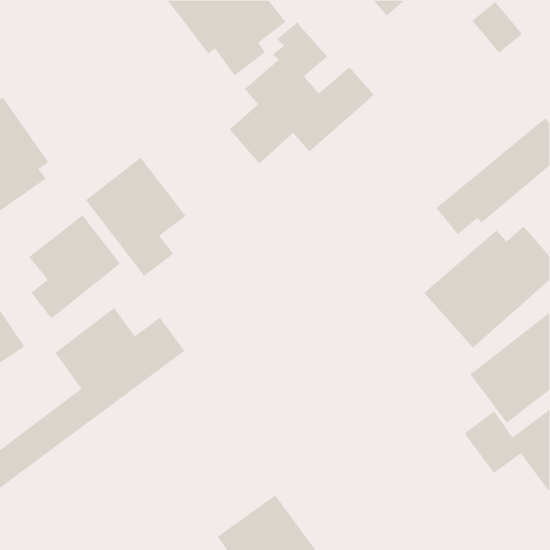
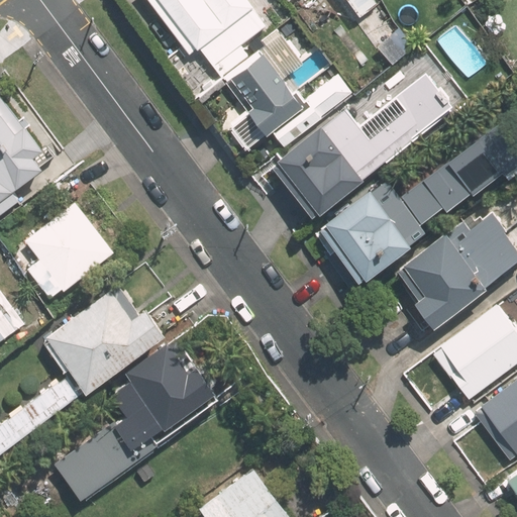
building: none -> [250,49,461,219]
building: [85,157,187,277] -> none
building: none -> [313,182,428,297]
building: none -> [58,334,220,501]

